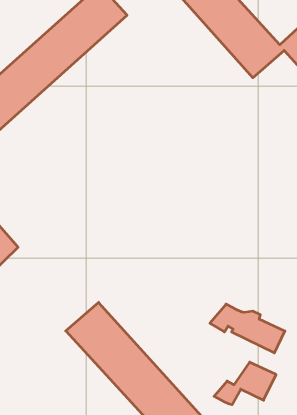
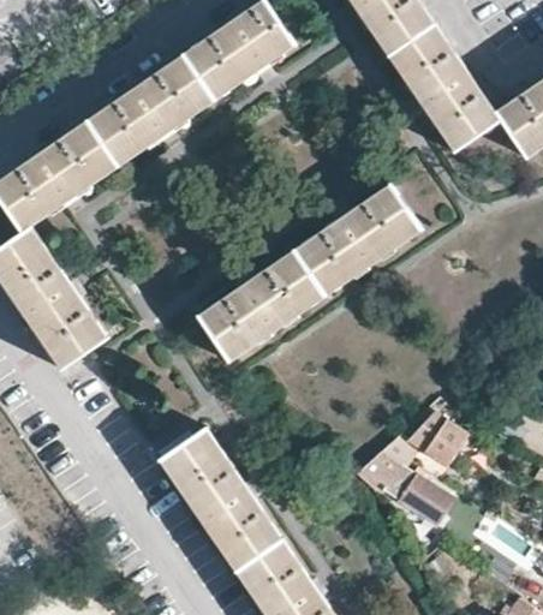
building: none -> [197,183,422,362]
building: [214,362,276,405] -> [377,412,465,466]

